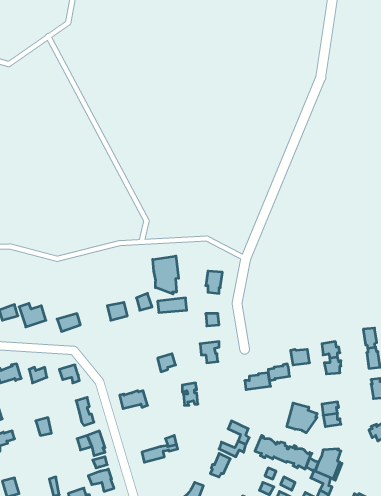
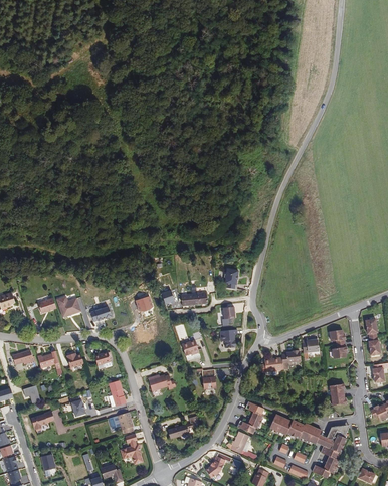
building: [153,256,179,294] -> none
building: [287,403,317,433] -> none

